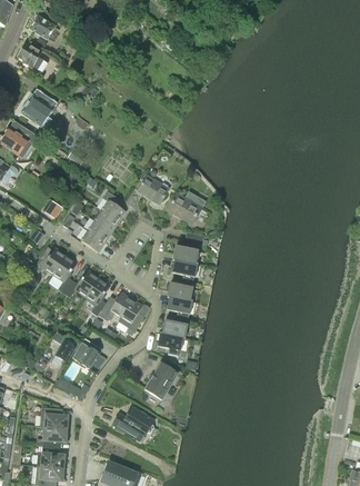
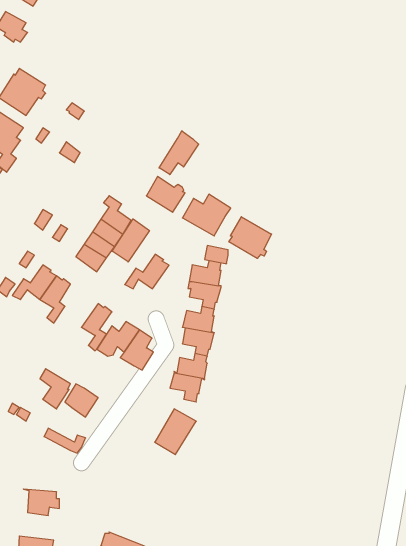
building: none -> [159,131,199,175]
building: none -> [229,217,272,258]
building: none -> [112,219,149,262]
building: [63,268,99,296] -> [125,254,169,289]
building: [112,405,154,439] -> none
building: [39,406,69,428] -> none
building: [36,445,67,467] -> none

